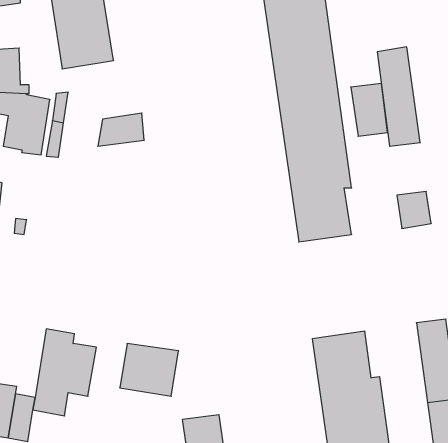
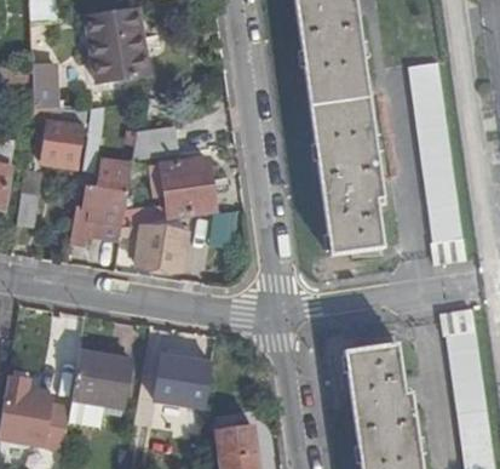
building: [351,83,387,136] -> [420,156,456,208]
building: none -> [151,158,214,217]
building: none -> [70,161,131,246]
building: none -> [136,224,188,270]

